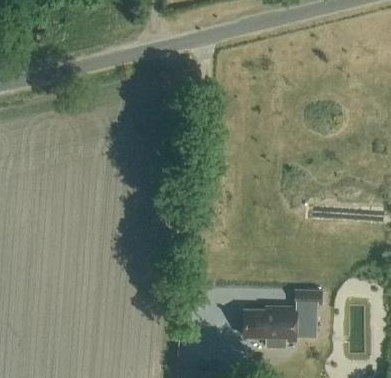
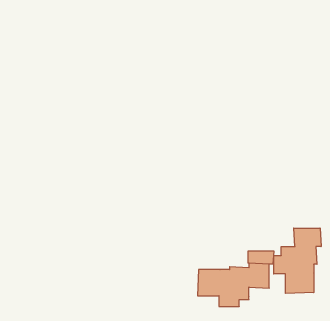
building: none -> [274,228,321,293]

